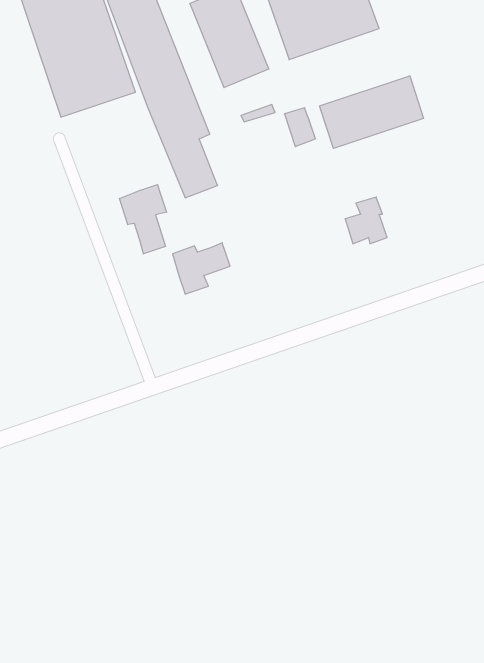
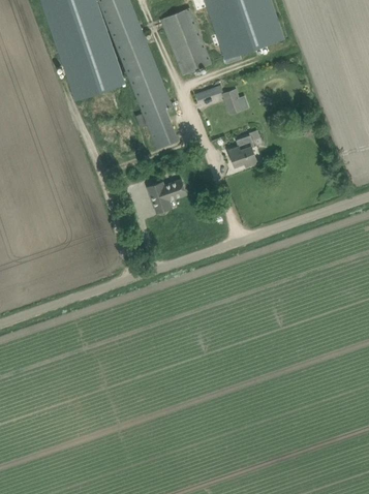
building: [320,76,424,148] -> none
building: [120,185,167,254] -> none
building: [345,197,387,244] -> [228,136,256,167]

